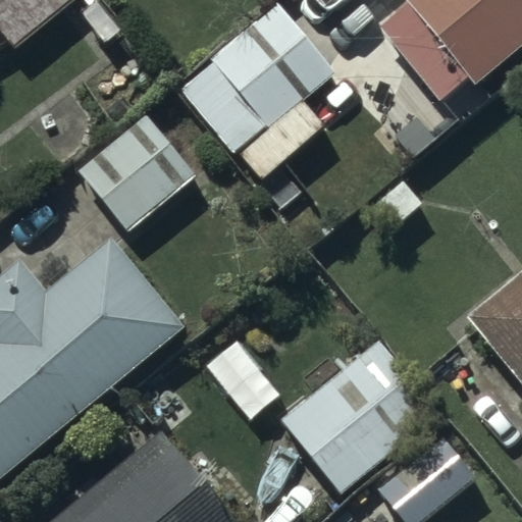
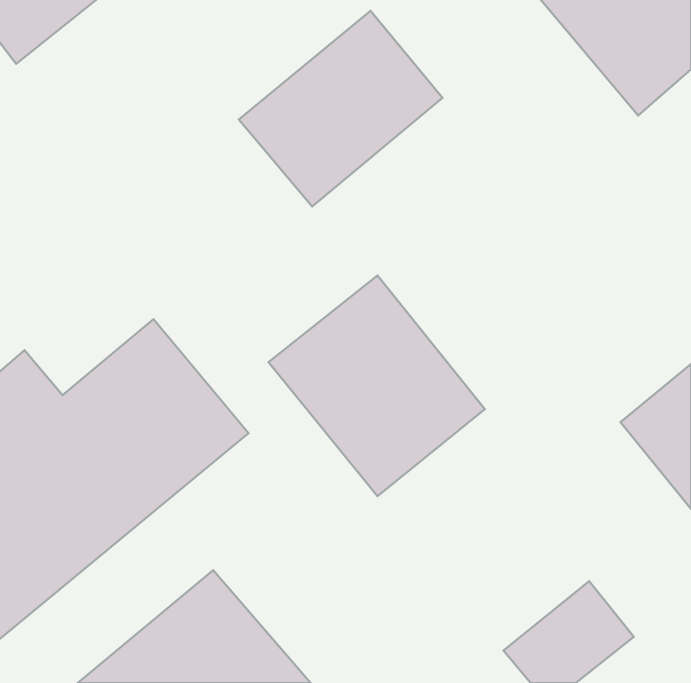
building: [76,115,195,231] -> none
building: none -> [269,275,485,496]
building: [278,338,441,495] -> none

